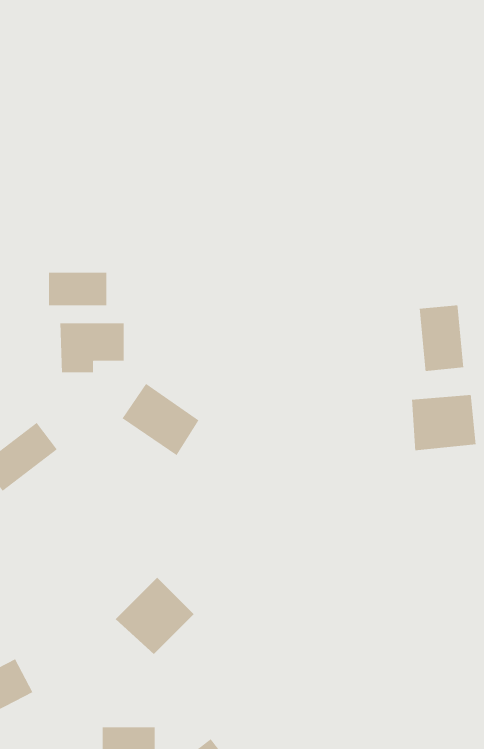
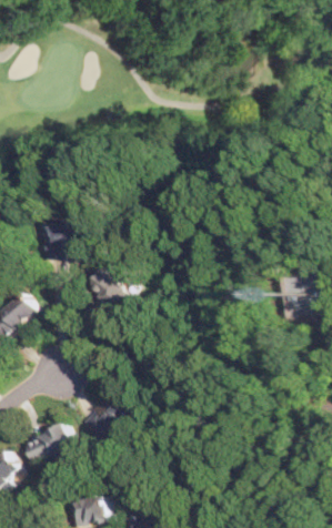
building: [48,272,107,306] -> none
building: [419,304,464,372] -> none
building: none -> [23,424,76,466]

